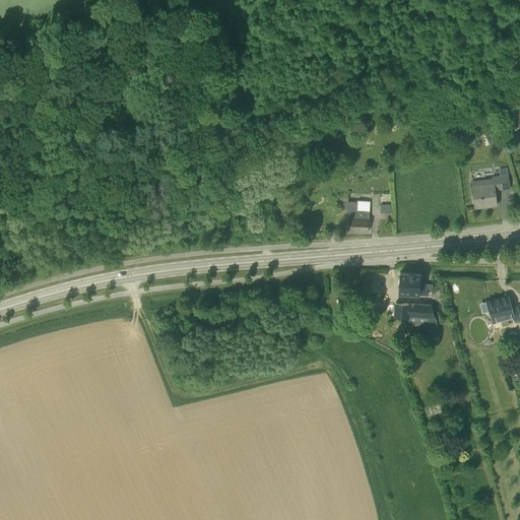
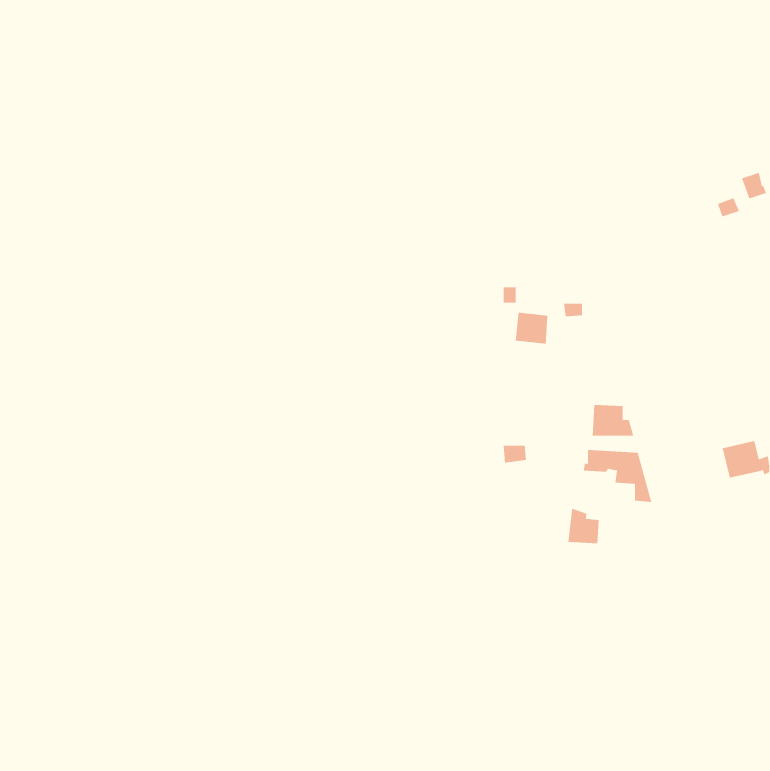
building: [472,168,509,208] -> none
building: none -> [568,508,599,544]

